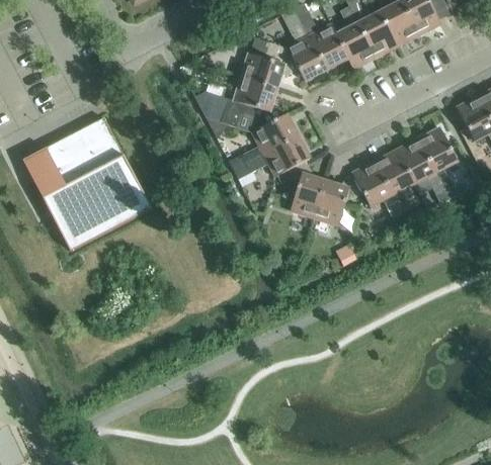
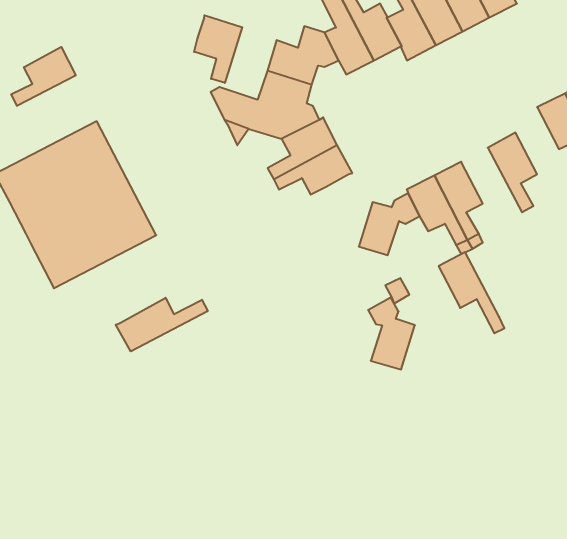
building: none -> [194,15,242,83]
building: none -> [11,47,76,106]
building: [396,138,448,203] -> [439,252,504,333]
building: [288,160,325,217] -> [368,297,415,370]
building: none -> [116,298,208,351]

